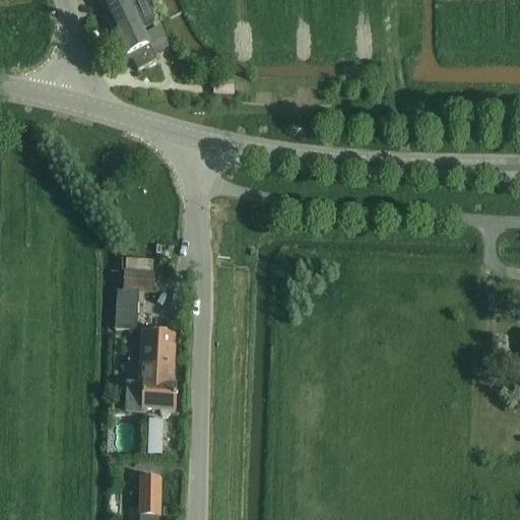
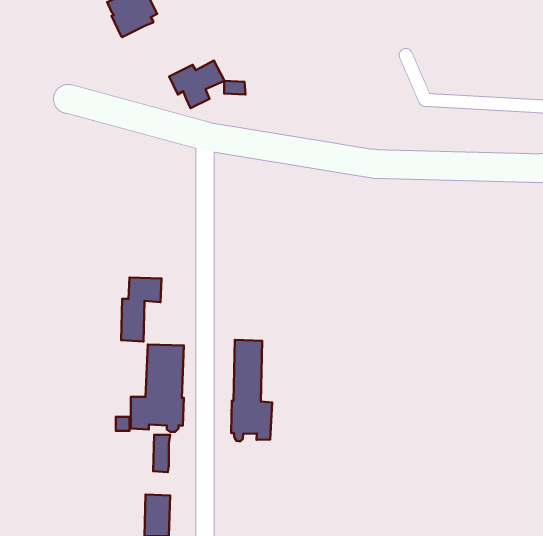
building: [117,20,170,66] -> [169,60,225,108]
building: none -> [231,340,272,441]

